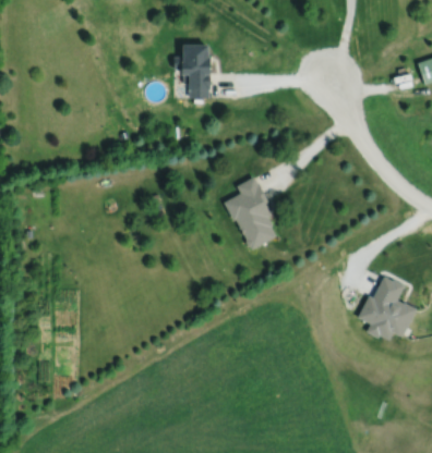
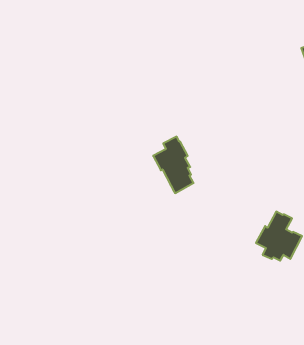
building: [173,46,212,99] -> none

